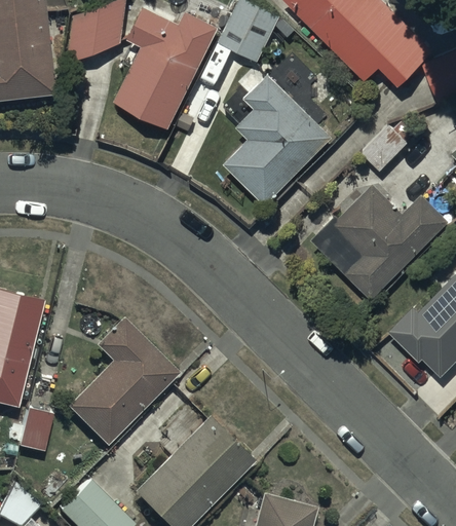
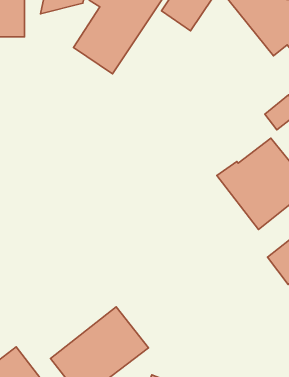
building: [225,74,333,203] -> none
building: [68,318,179,444] -> none

